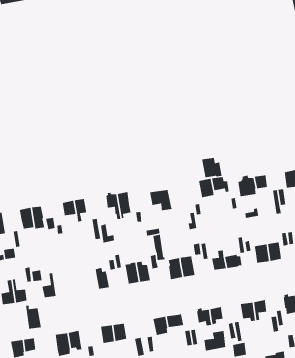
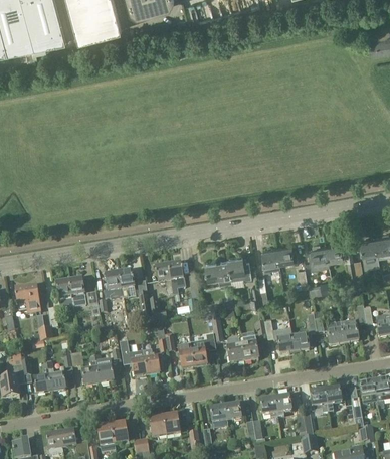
building: [201,157,222,178] -> [227,256,251,280]
building: none -> [119,341,147,377]
building: [25,305,42,329] -> [94,355,114,384]
building: [203,330,226,351] -> none

